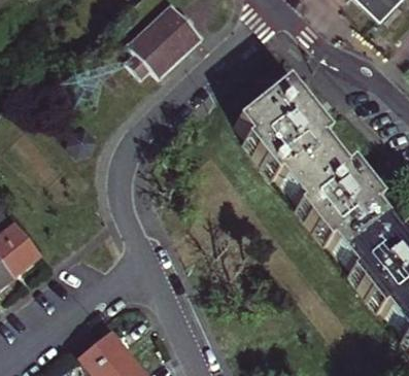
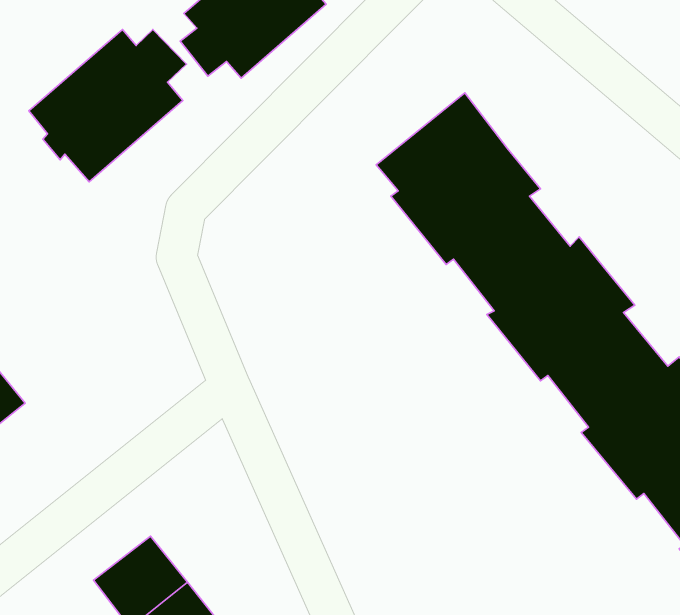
building: none -> [29,29,186,182]

